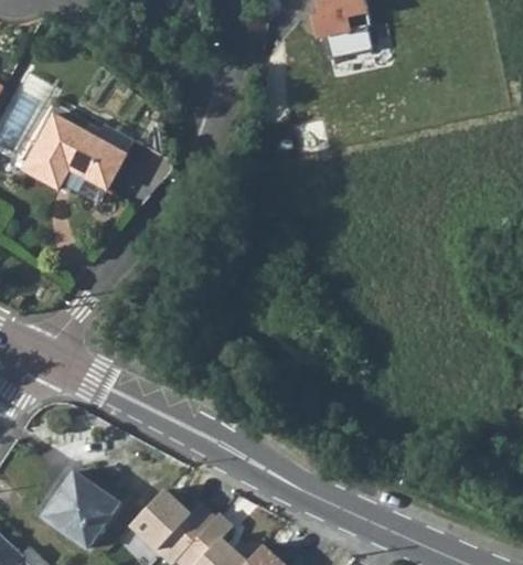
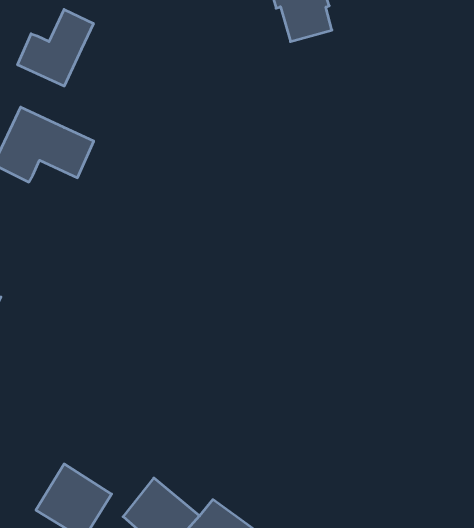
building: none -> [18,9,93,86]

